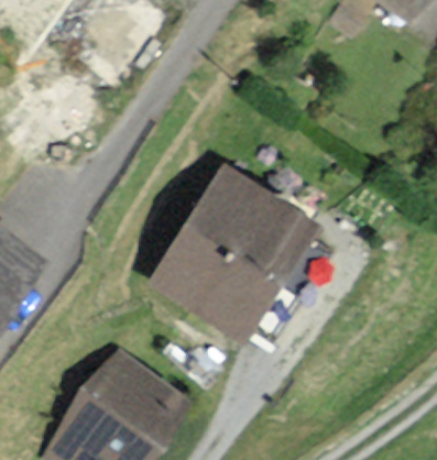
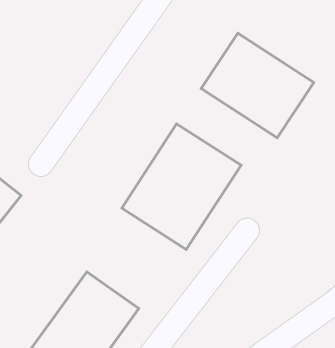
building: none -> [201,33,314,138]

